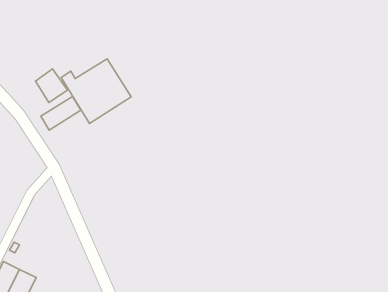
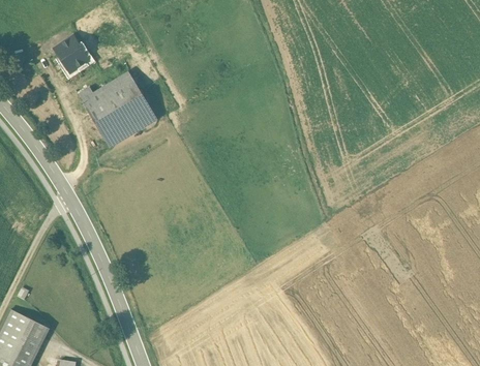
building: [36,69,67,102] -> [55,34,92,73]
building: [41,96,81,130] -> none

